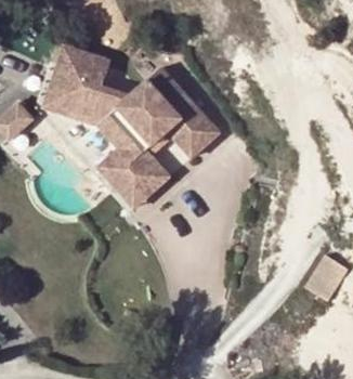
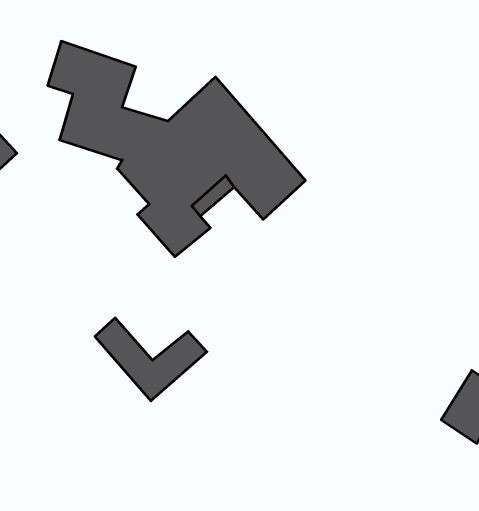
building: [40,74,100,127] -> none
building: [96,156,168,209] -> [95,318,207,401]

